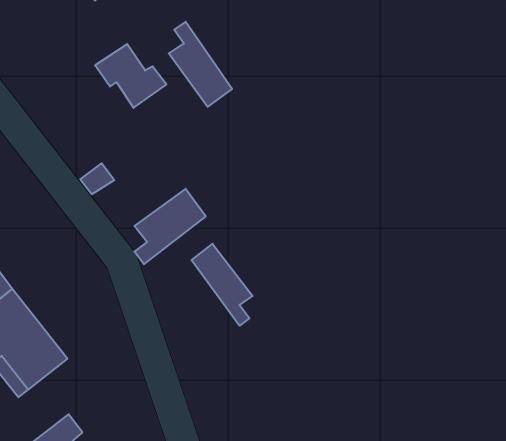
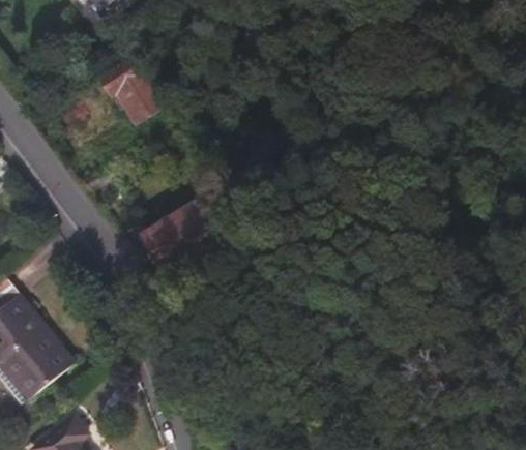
building: [169,22,232,107] -> none
building: [191,244,253,326] -> none

